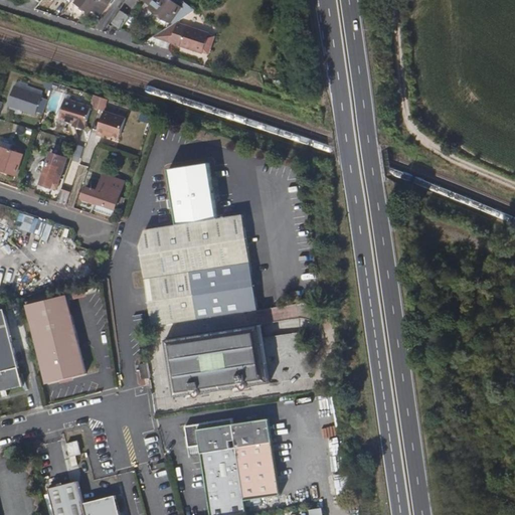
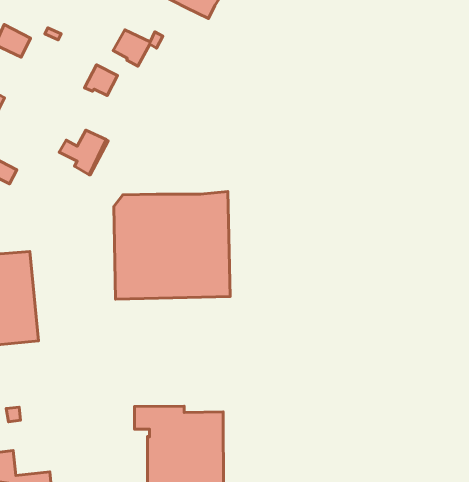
building: [54,95,99,129] -> [113,30,163,66]
building: [39,151,65,186] -> none
building: [167,161,216,223] -> none
building: [166,327,266,394] -> none

